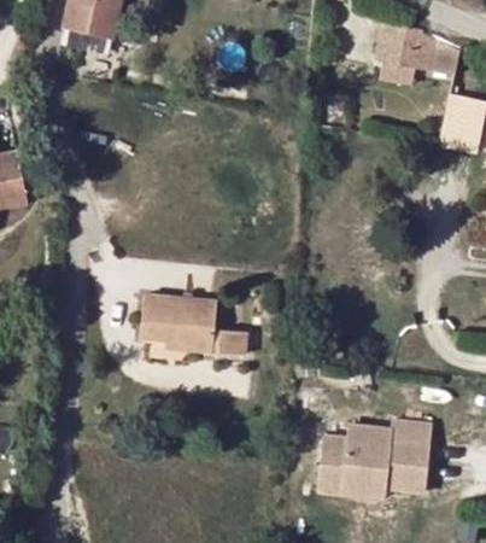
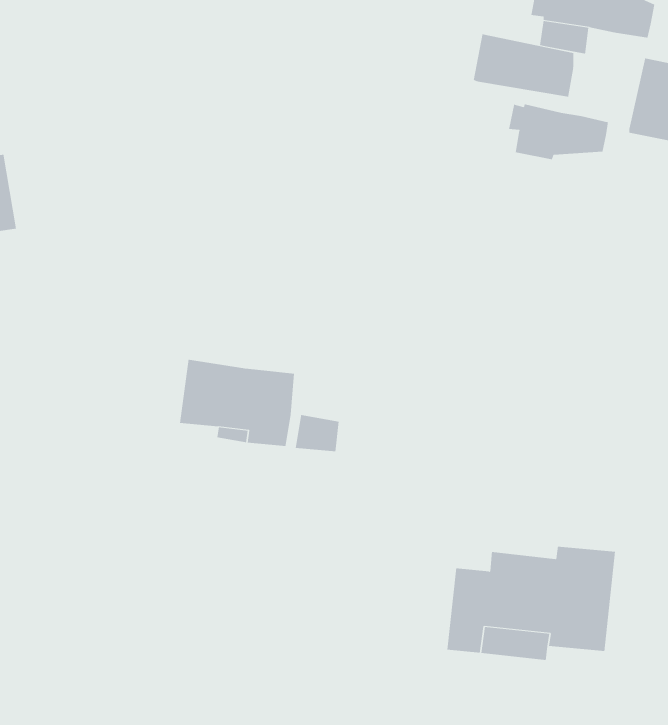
building: none -> [473,34,574,98]
building: none -> [509,103,608,160]

